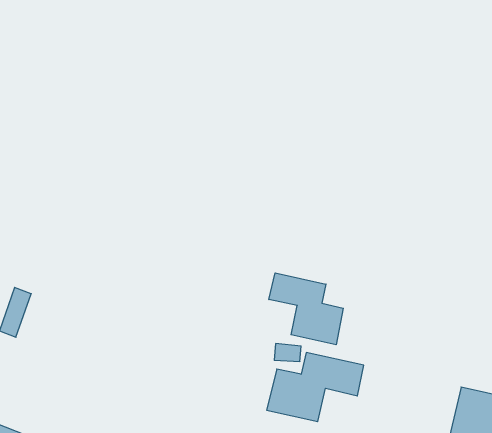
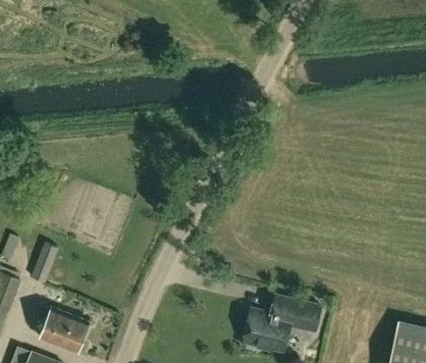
building: [269,273,343,345] -> none
building: none -> [39,309,89,354]

